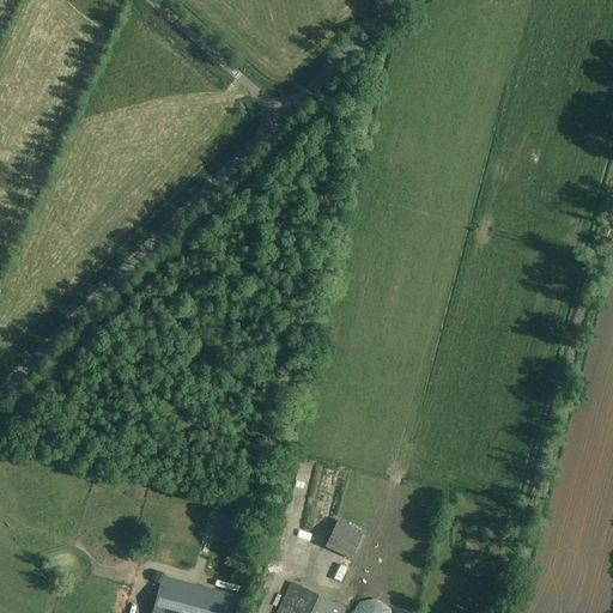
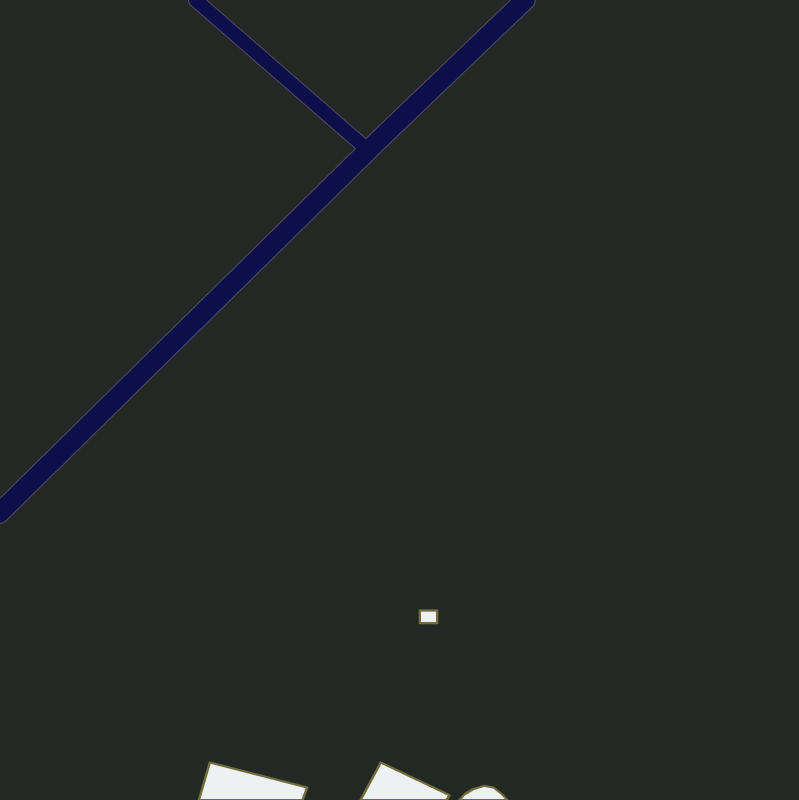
building: [324,518,364,558] -> none

